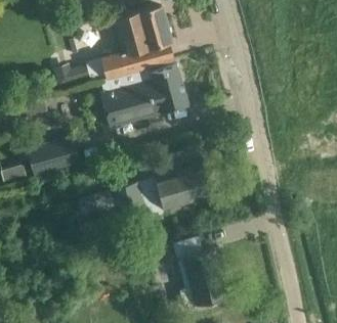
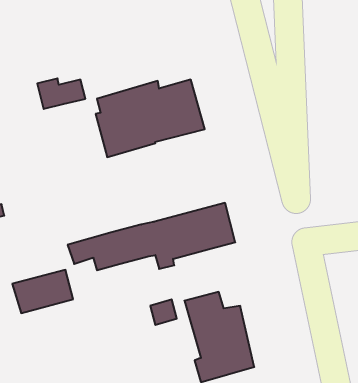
building: [102,7,173,78] -> none
building: [29,137,78,172] -> [12,270,73,313]

